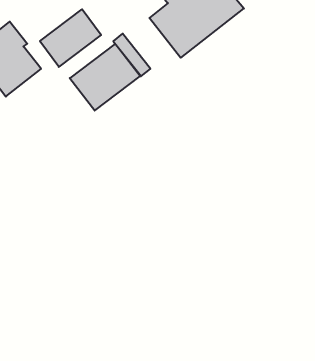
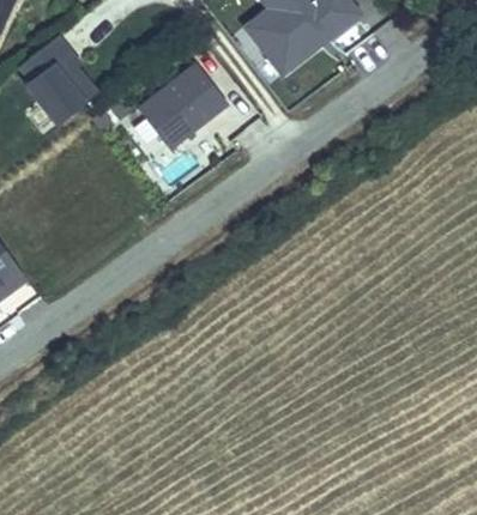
building: [40,9,101,67] -> none

